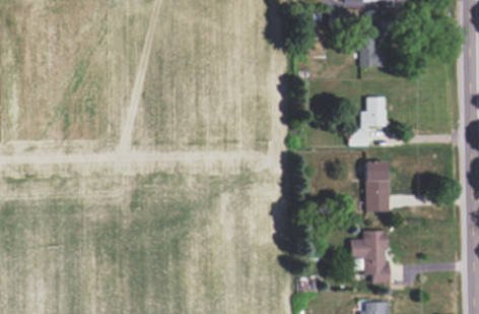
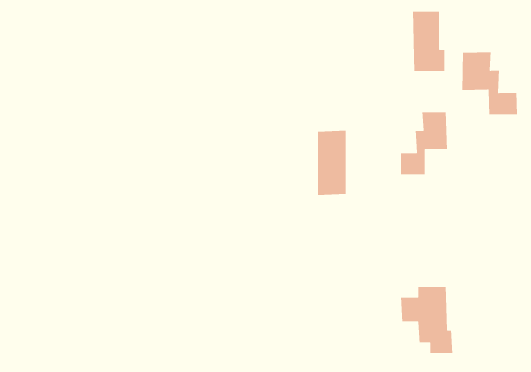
building: none -> [462,52,518,115]
building: [366,162,389,212] -> [317,130,346,196]

